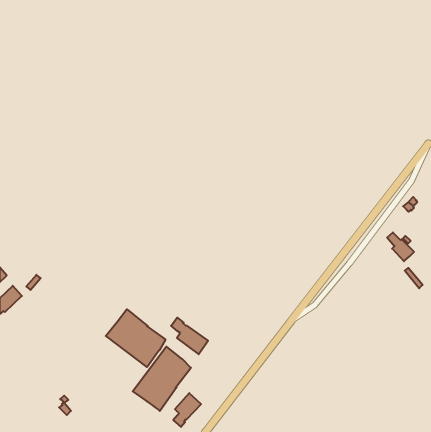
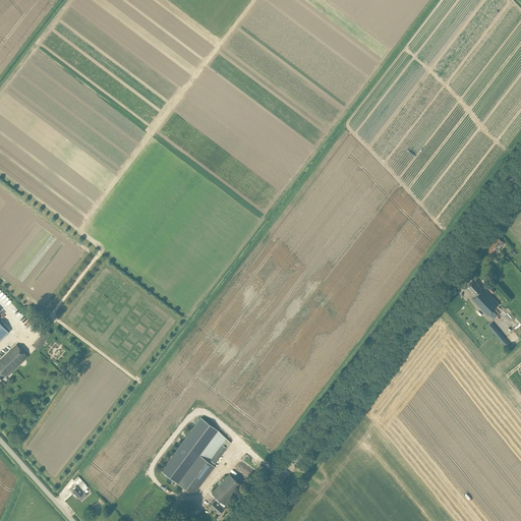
building: [106,309,165,367] -> none
building: [171,318,208,354] -> none

